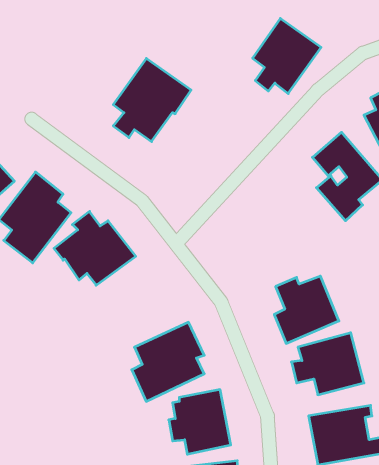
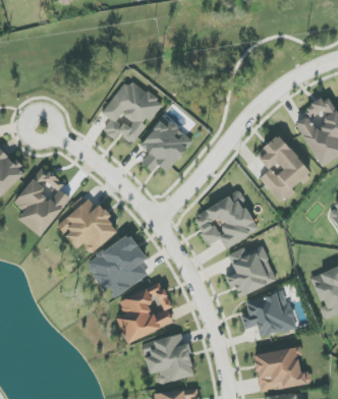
building: [253,18,321,94] -> [140,114,193,172]
building: none -> [193,190,259,247]
building: none -> [86,233,149,296]

